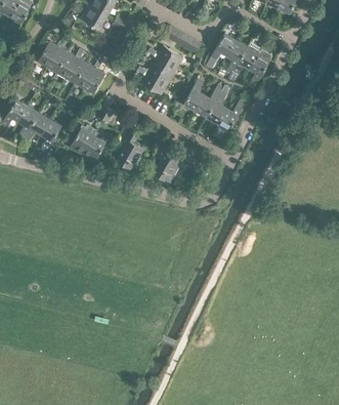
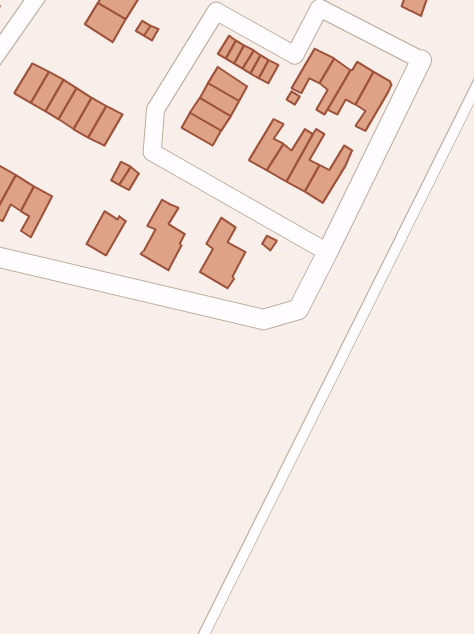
building: [70,122,97,155] -> none

